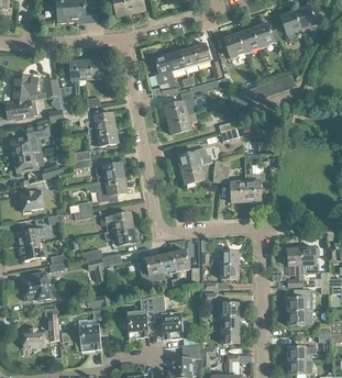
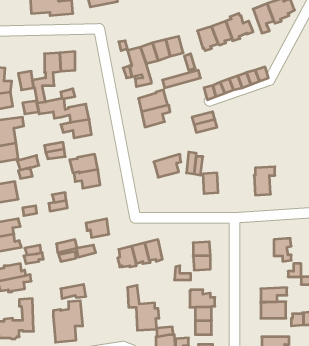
building: [176,148,211,170] -> none
building: [243,173,264,201] -> [254,167,275,195]
building: [99,212,132,232] -> none
building: [286,248,302,287] -> none
building: [126,296,154,338] -> none

